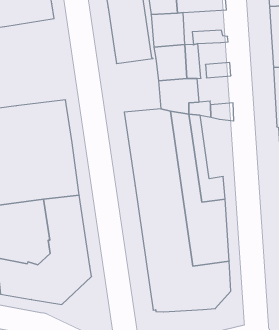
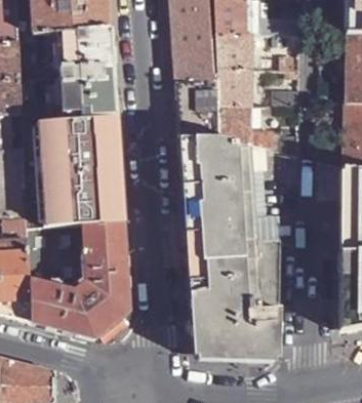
building: none -> [56,28,116,119]
building: none -> [174,79,218,135]

